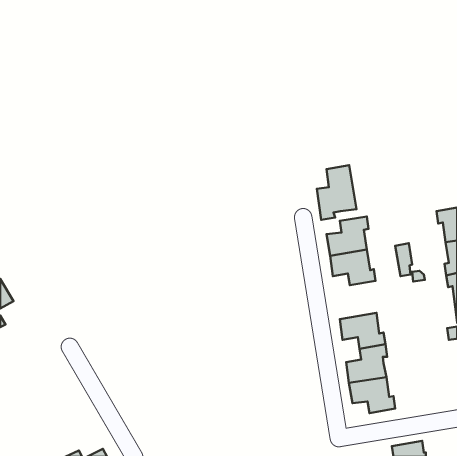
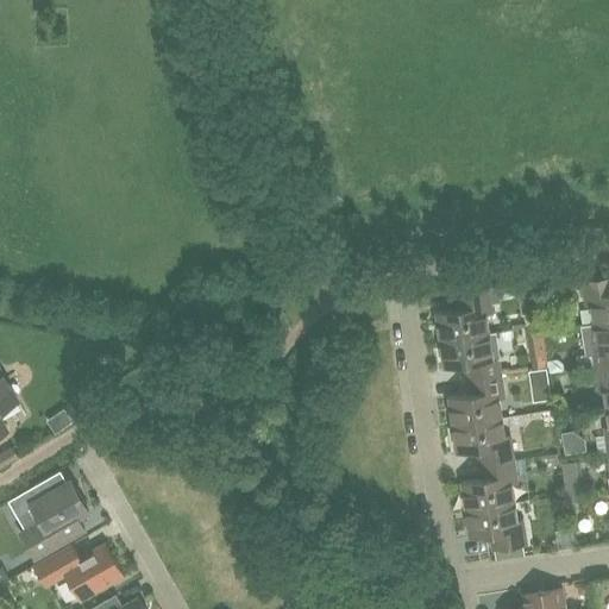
building: [317,165,357,220] -> none
building: none -> [447,375,502,426]
building: none -> [17,472,87,558]
building: none -> [33,542,124,601]

